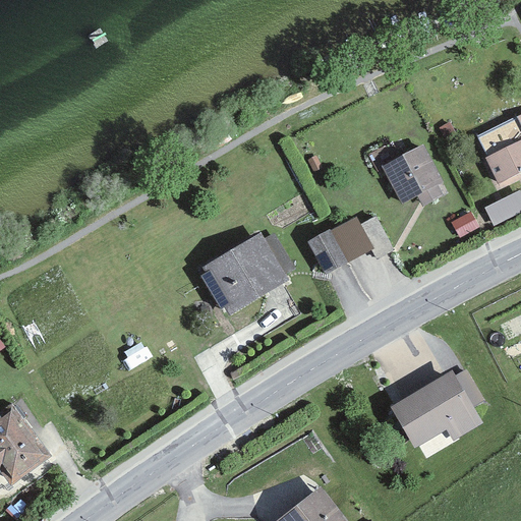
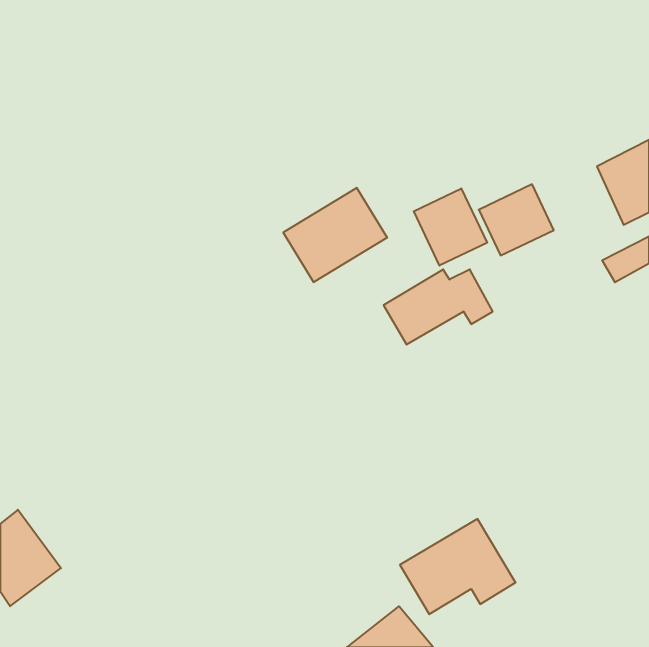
building: none -> [414,188,487,266]
building: [204,238,287,313] -> [283,188,387,282]
building: [391,371,483,448] -> [400,519,516,614]

